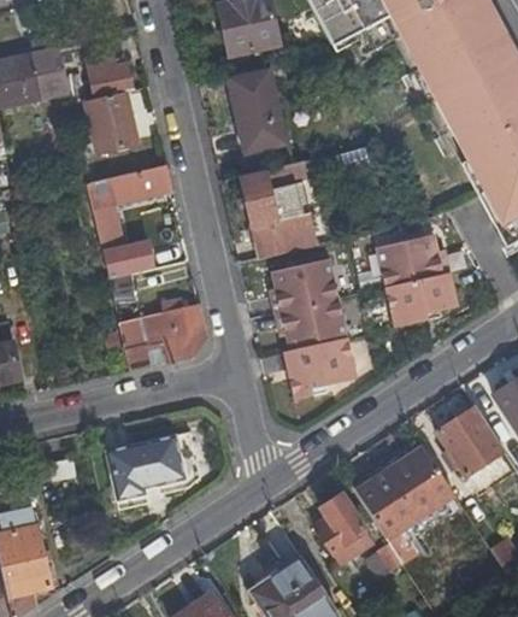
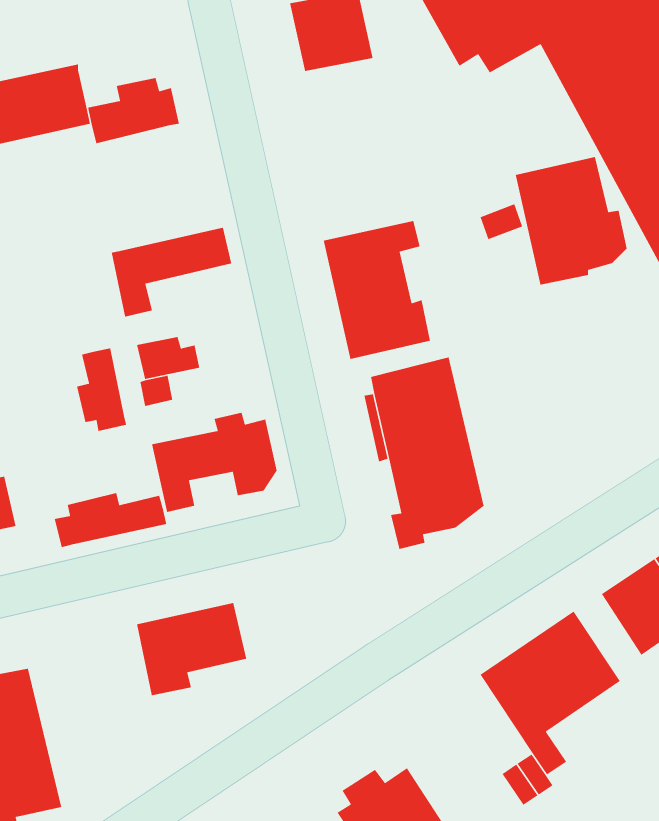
building: [229,83,286,152] -> none
building: [77,93,142,154] -> none
building: [378,233,459,325] -> [515,156,627,286]
building: none -> [76,347,127,432]
building: none -> [54,492,167,548]
building: [316,493,373,564] -> none

